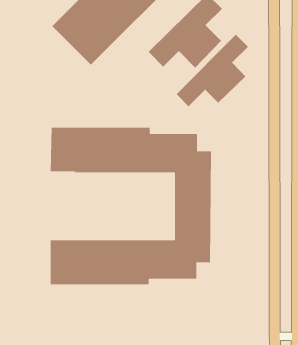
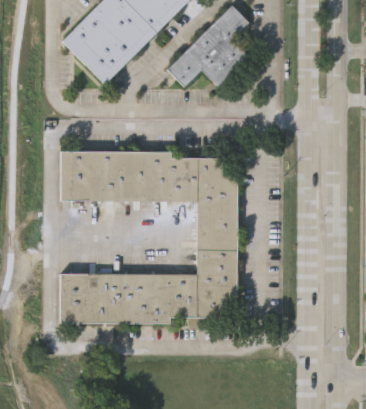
building: [176,34,249,107] -> none

